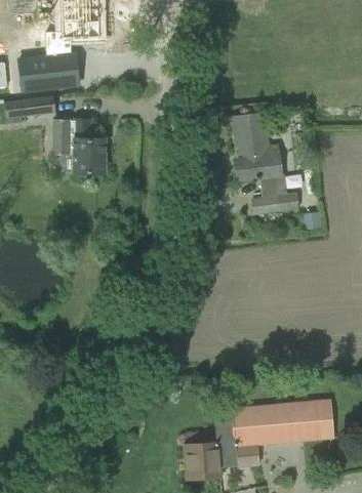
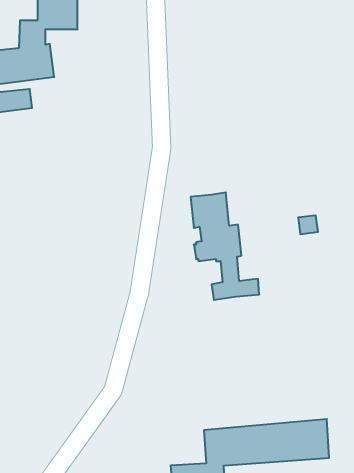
building: [234,115,297,214] -> [191,192,259,300]
building: [53,119,105,173] -> none

